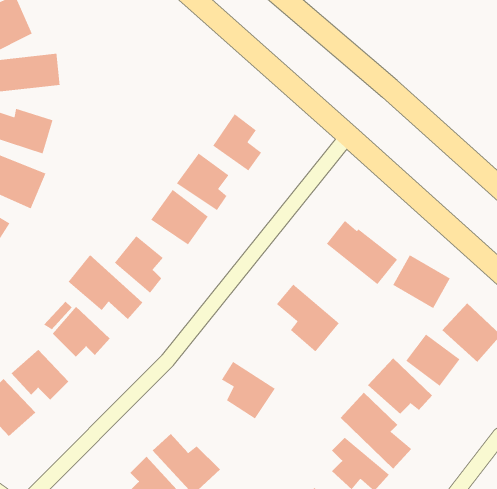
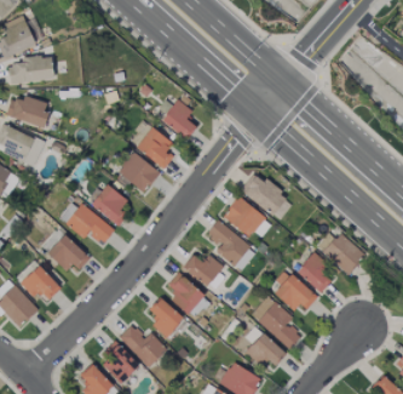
building: [392,254,451,309] -> [223,198,264,236]
building: none -> [183,256,223,287]
building: none -> [149,298,183,338]

